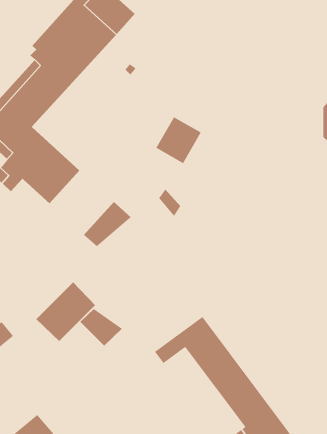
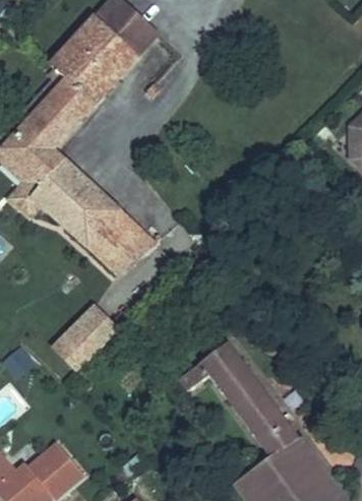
building: [156,116,201,164] -> none
building: none -> [70,193,136,259]
building: [79,308,123,347] -> none

